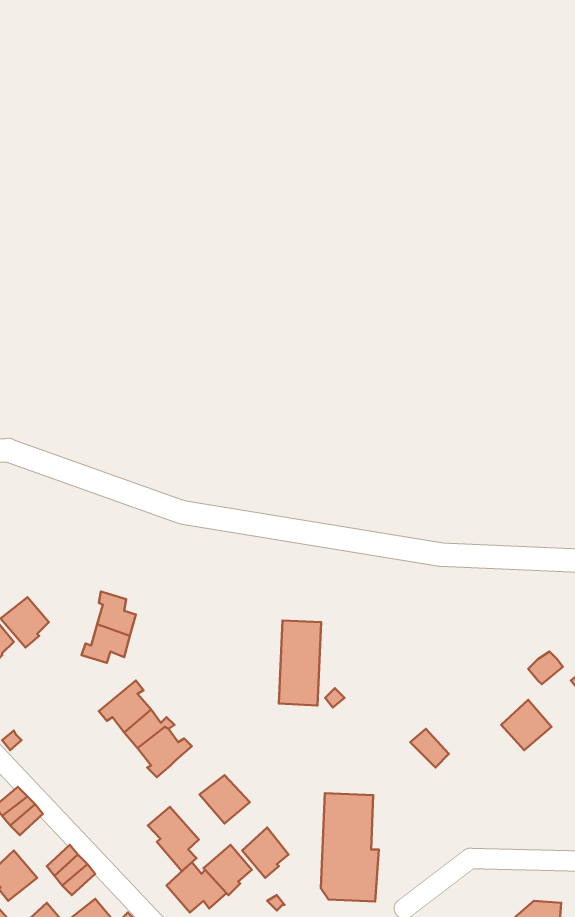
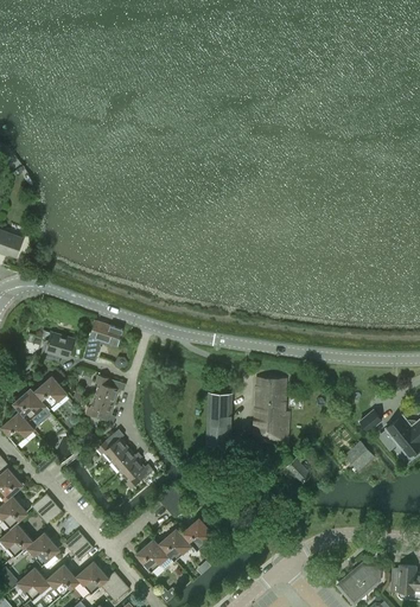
building: none -> [83,319,122,359]
building: none -> [40,332,74,362]
building: [321,793,379,902] -> [254,376,289,442]
building: [148,807,199,871] -> none

